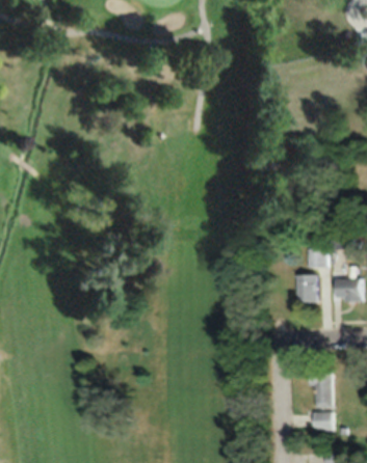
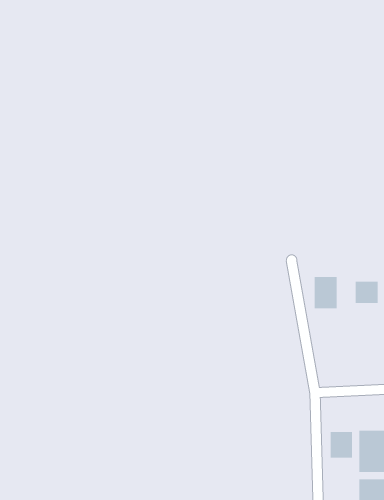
building: [298,273,318,300] -> [314,276,337,309]
building: none -> [330,431,352,459]

